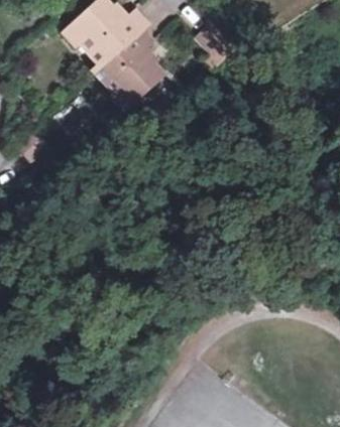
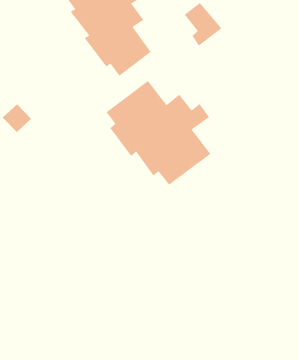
building: none -> [106,80,211,185]

